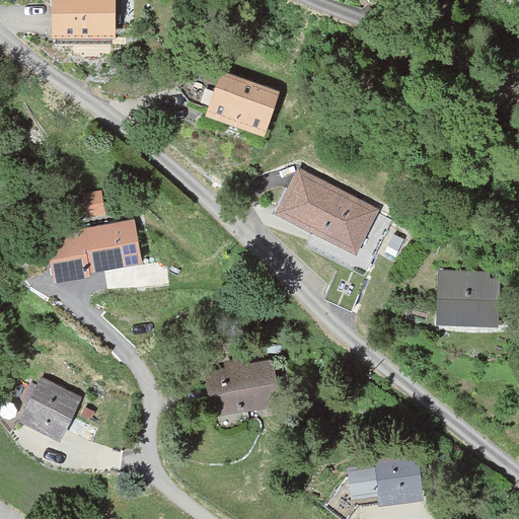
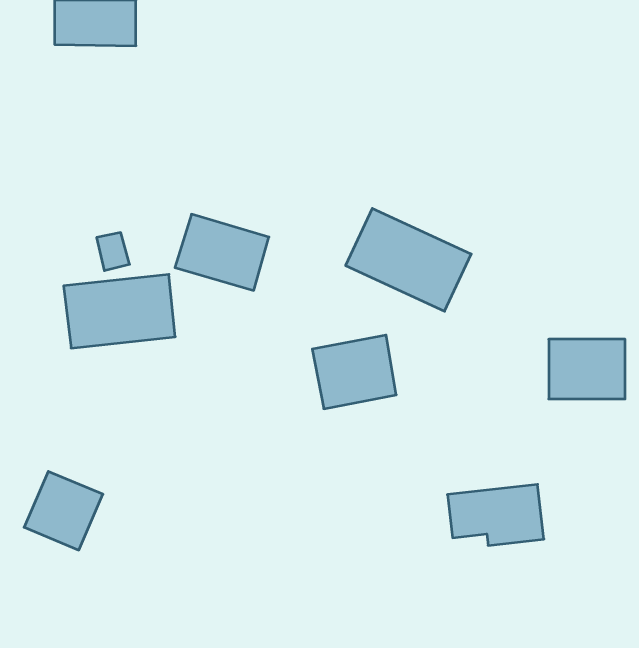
building: [197,75,272,136] -> [175,214,269,290]
building: [213,355,280,414] -> [312,335,396,409]
building: [348,456,425,505] -> [447,484,544,545]

